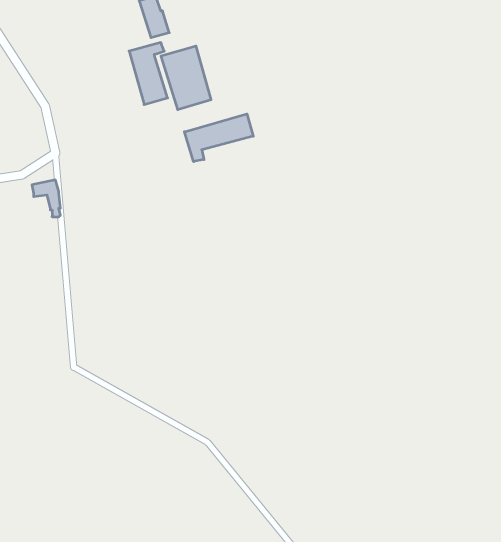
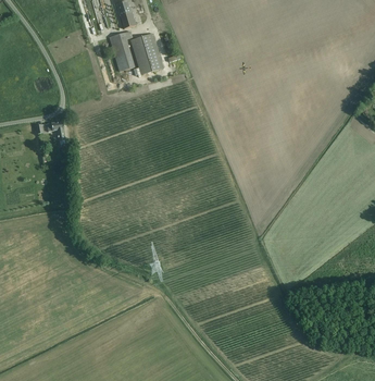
building: [184,114,253,162] -> none

